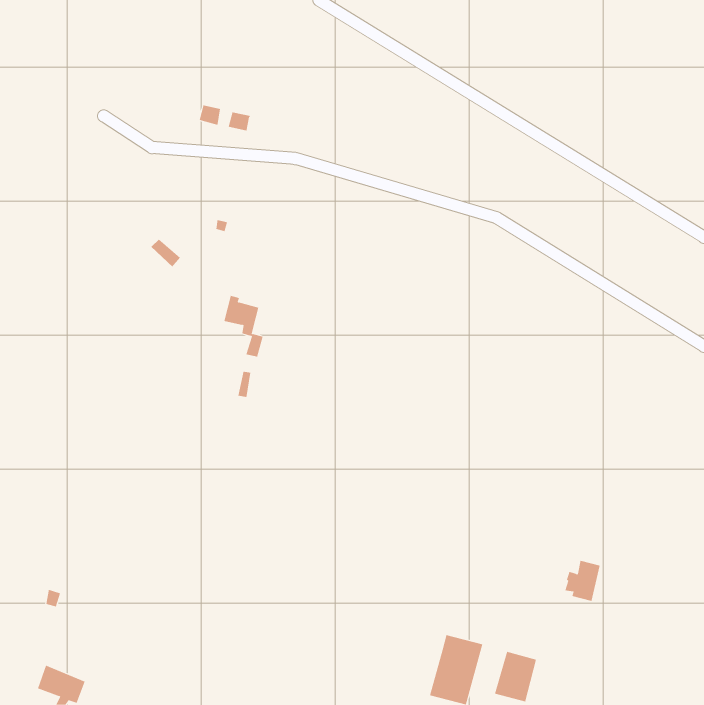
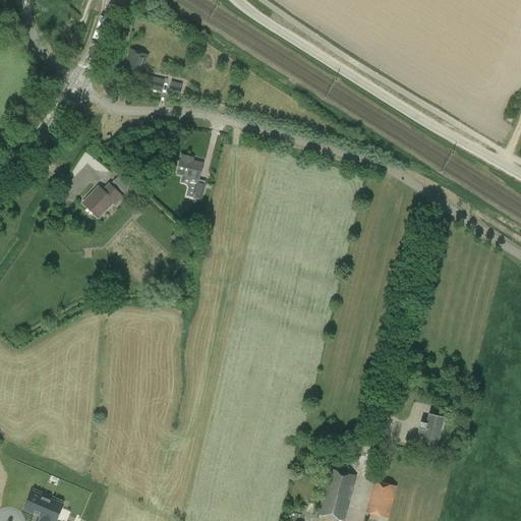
building: none -> [122,49,147,75]
building: none -> [82,188,121,218]
building: [223,295,263,357] -> [175,155,205,200]

